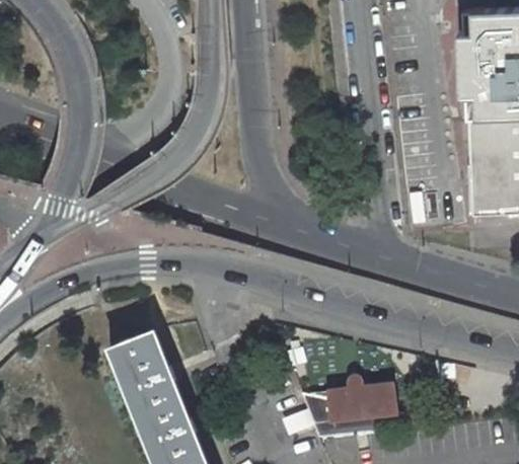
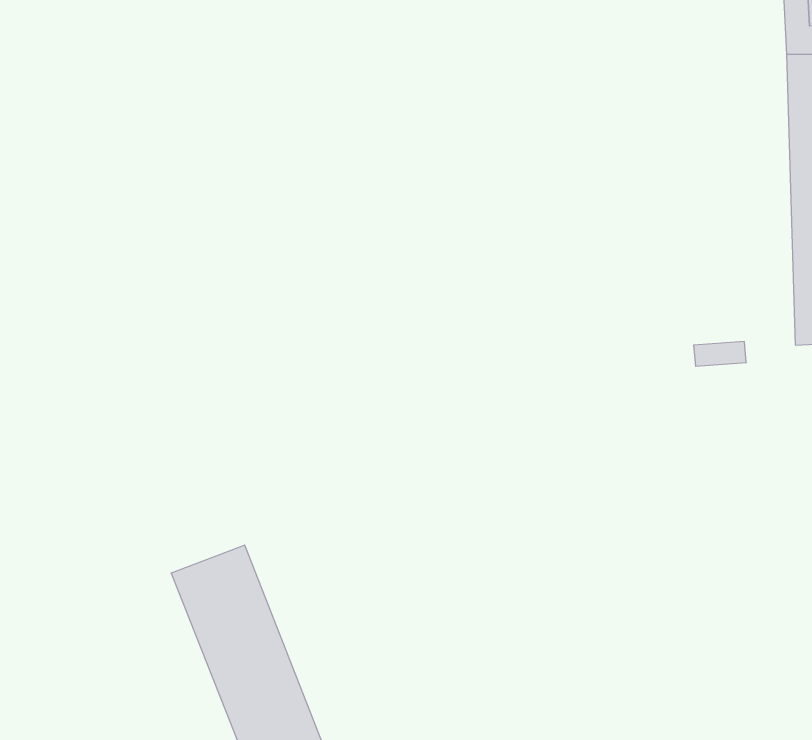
building: [300,373,430,435] -> none

